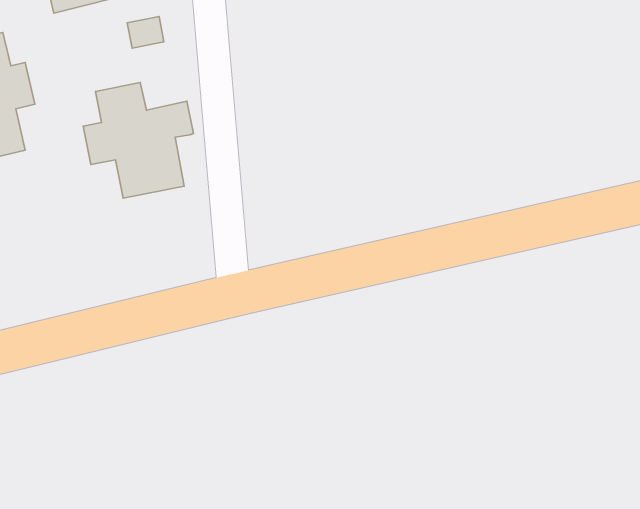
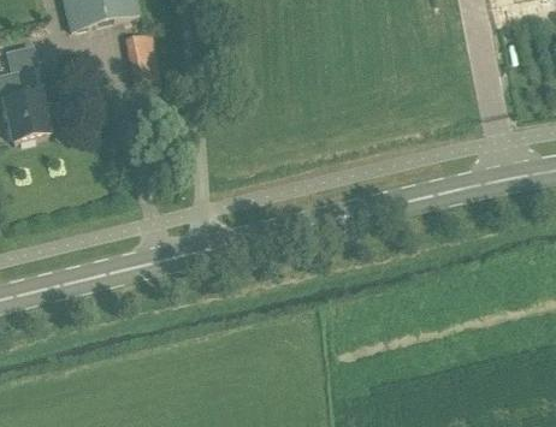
building: [83,82,193,198] -> none

